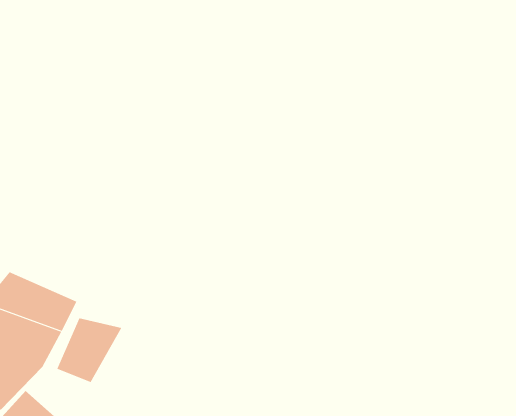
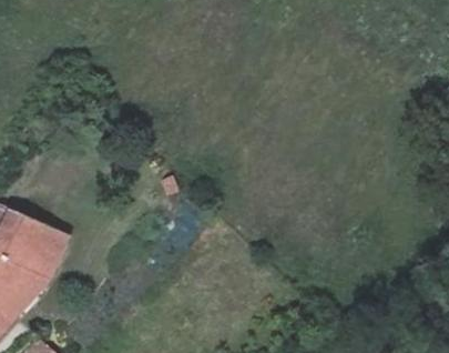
building: [56,318,122,383] -> none

